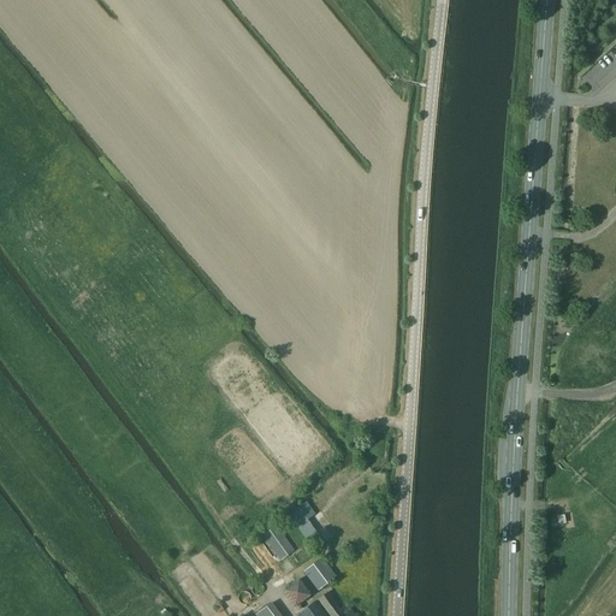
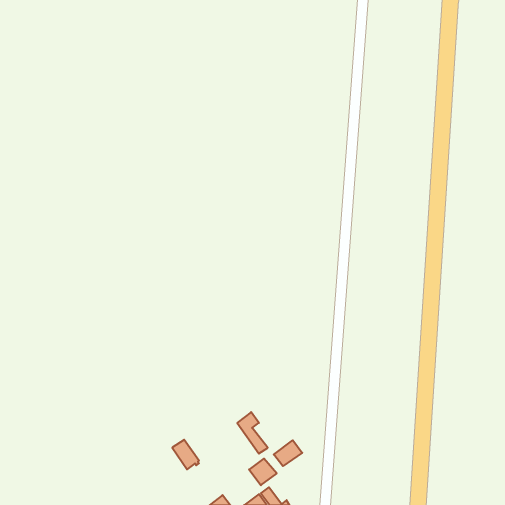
building: [262,526,295,562] -> [172,440,199,469]
building: none -> [274,440,302,466]

